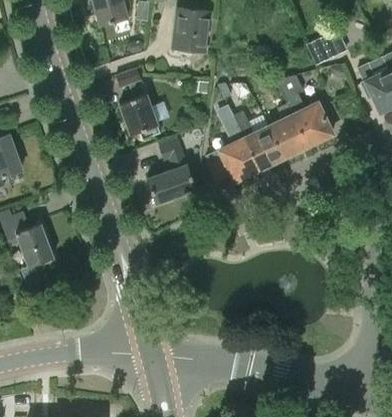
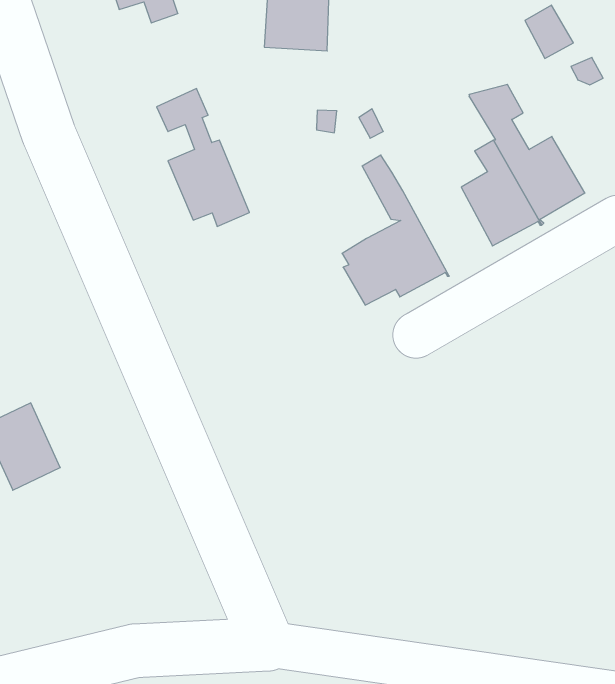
building: [234,112,283,172] -> none
building: [147,140,197,204] -> none

